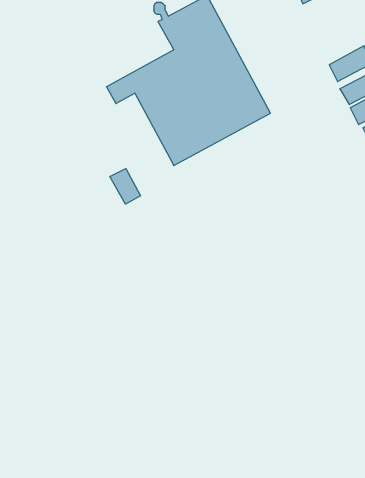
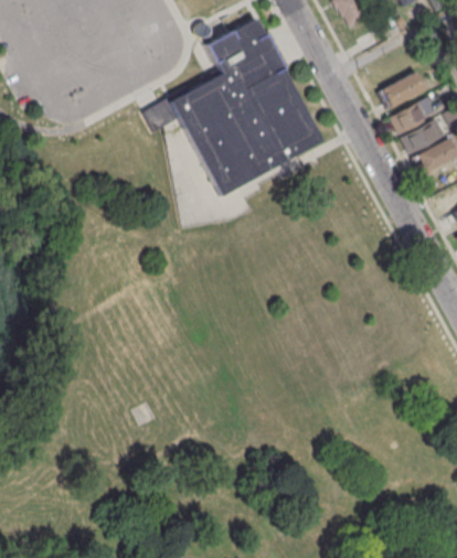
building: [110,169,141,204] -> none

